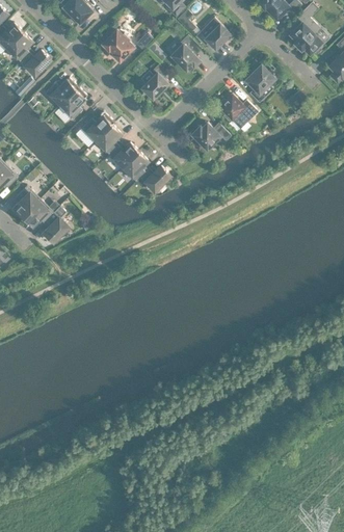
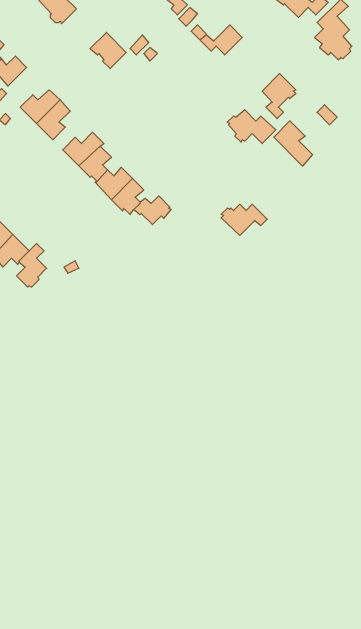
building: [171,42,199,70] -> none
building: [142,64,167,98] -> none
building: none -> [274,121,313,166]
building: [191,123,230,149] -> [221,204,267,235]

